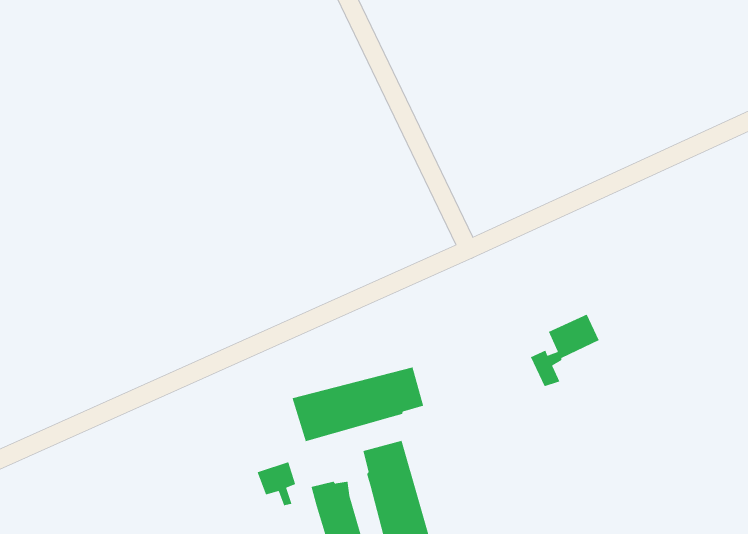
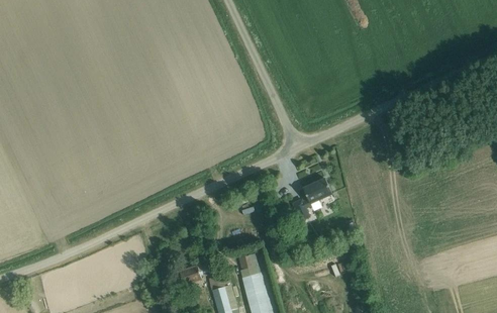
building: [530,314,600,387] -> [291,179,330,220]
building: [292,366,424,442] -> none

